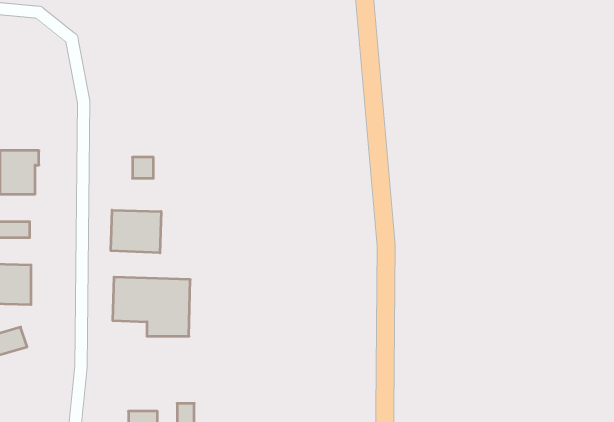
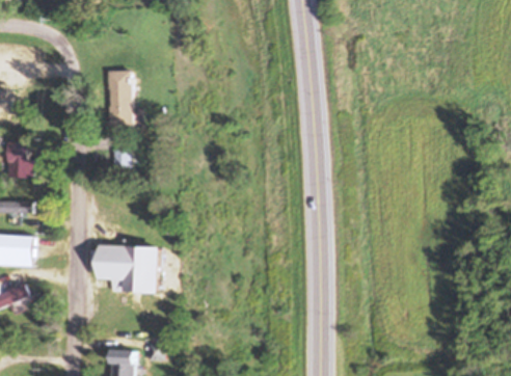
building: none -> [108,71,131,125]
building: [111,210,161,253] -> none

